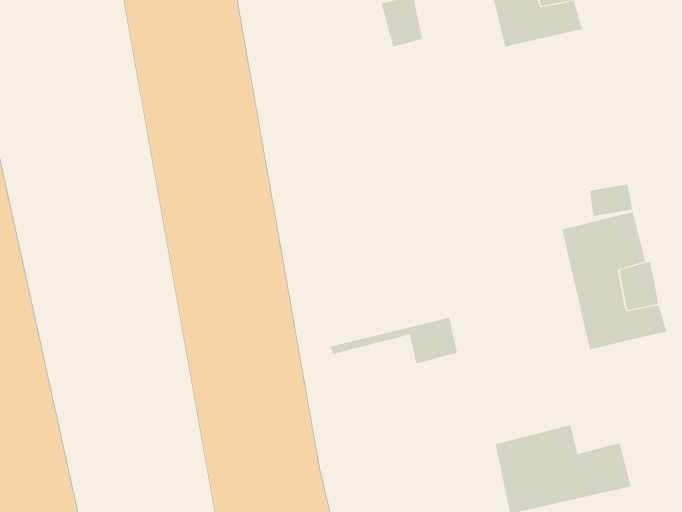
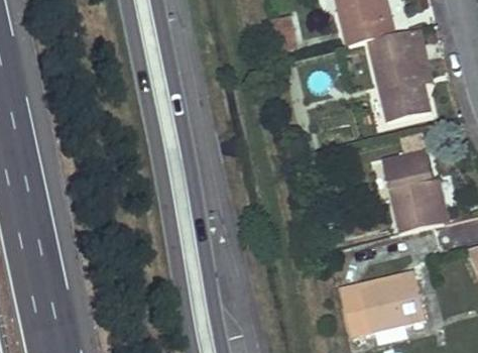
building: none -> [367,29,432,122]
building: [329,317,458,364] -> [338,269,417,299]

